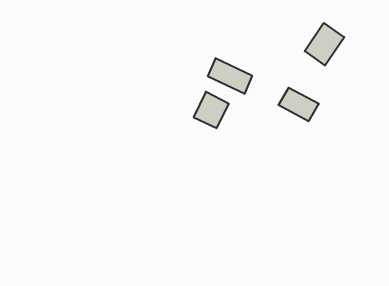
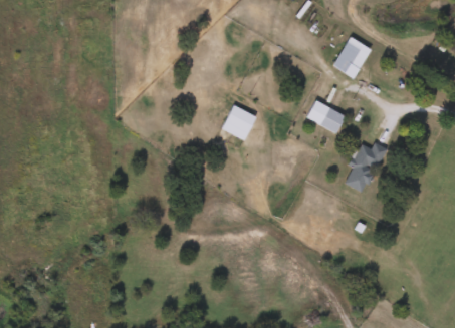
building: [208,58,252,94] -> none
building: none -> [342,142,387,194]

